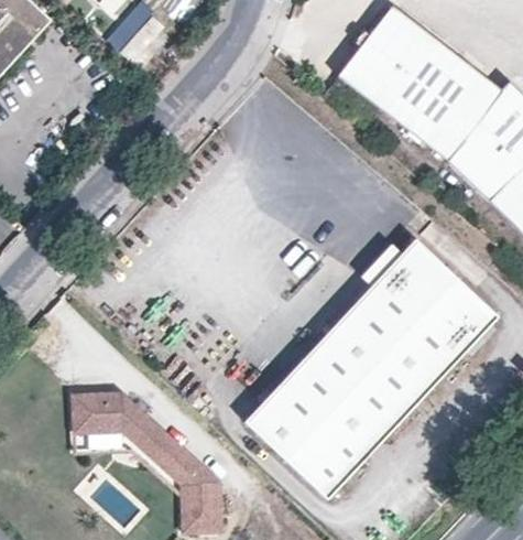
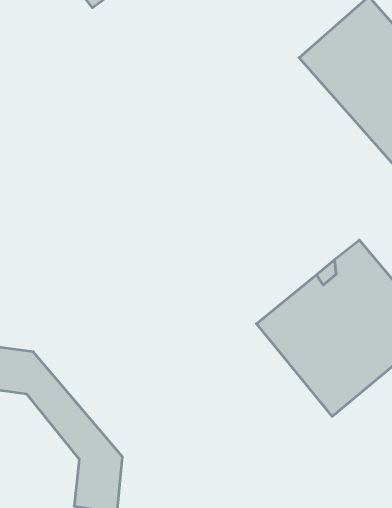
building: [247,332,414,498] -> none

